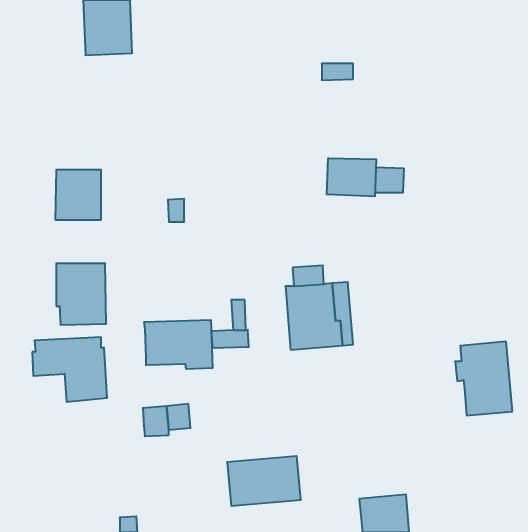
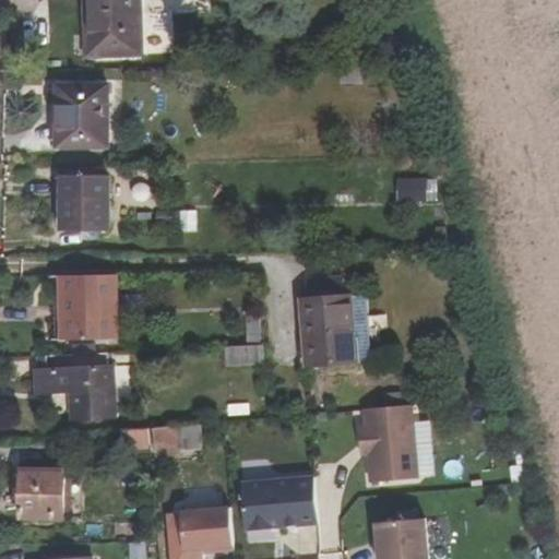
building: none -> [58,86,105,147]
building: [327,158,376,196] -> none
building: [144,320,212,369] -> none
building: [455,342,512,415] -> [356,406,416,484]
building: none -> [17,469,62,520]
building: none -> [179,509,231,552]

